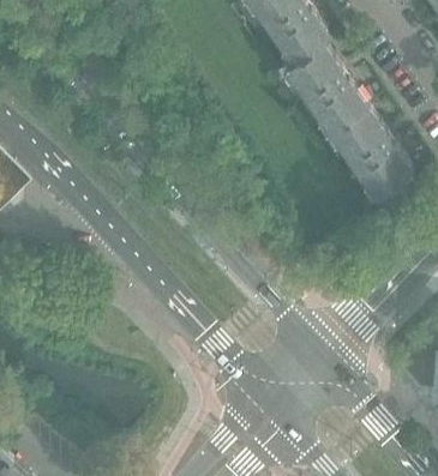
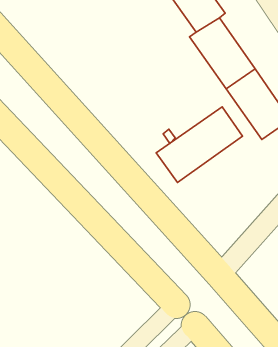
building: none -> [156,107,243,182]

